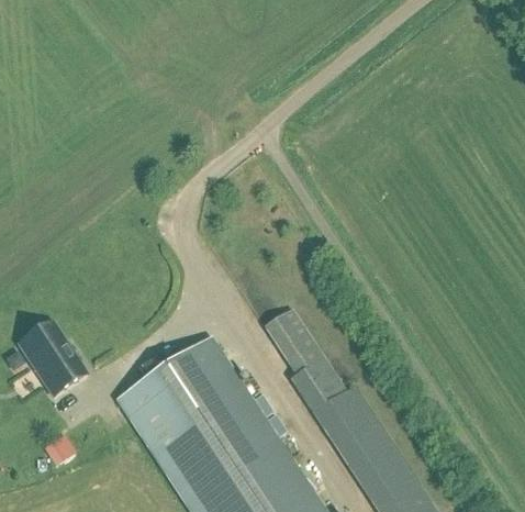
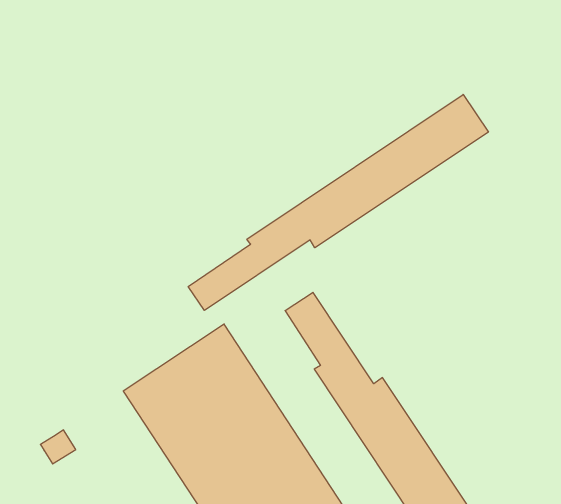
building: none -> [188,94,488,310]
building: [19,320,87,393] -> none

